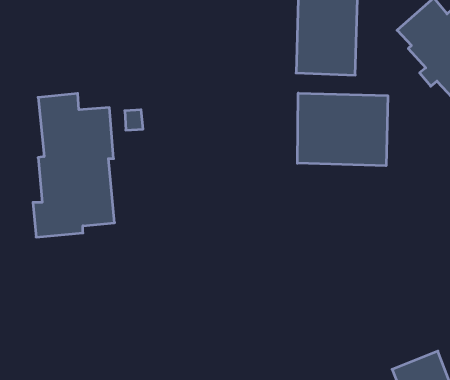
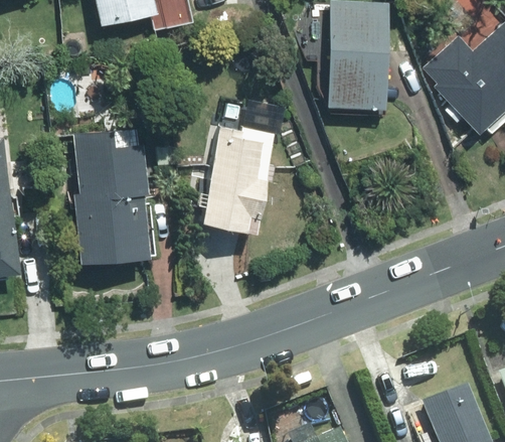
building: none -> [200,125,274,234]
building: [297,93,388,166] -> none

